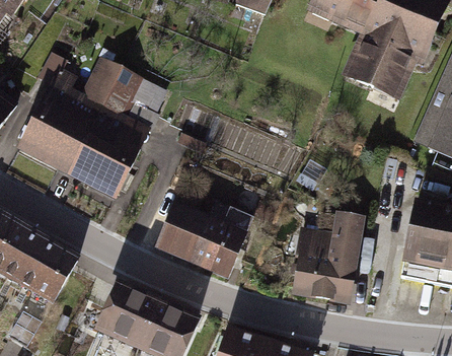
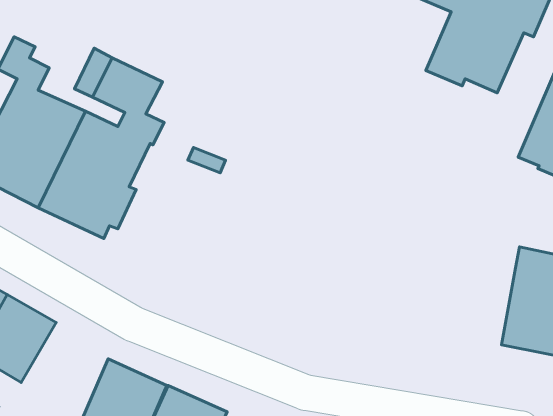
building: [157,205,251,274] -> none
building: [294,213,362,302] -> none

